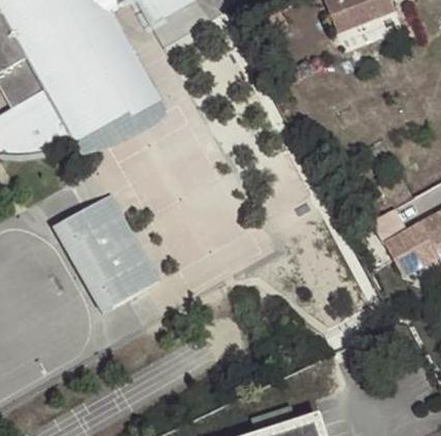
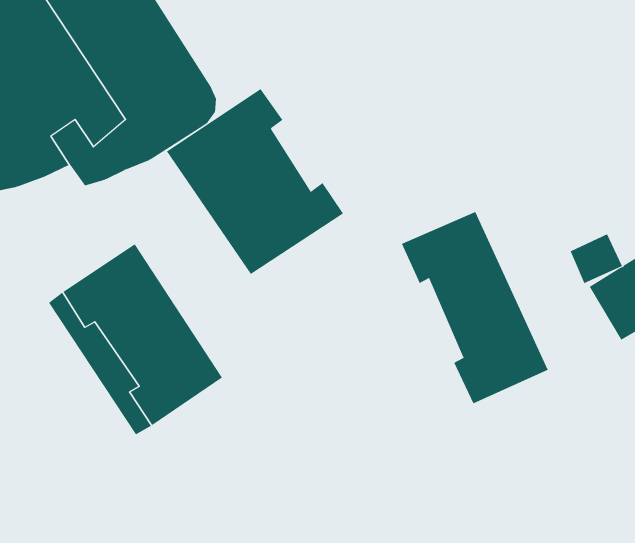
building: none -> [166,88,344,275]
building: none -> [401,211,549,404]

